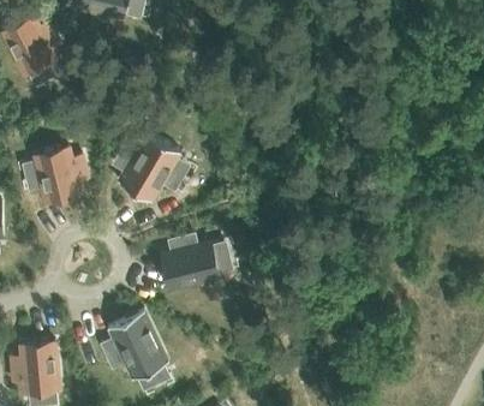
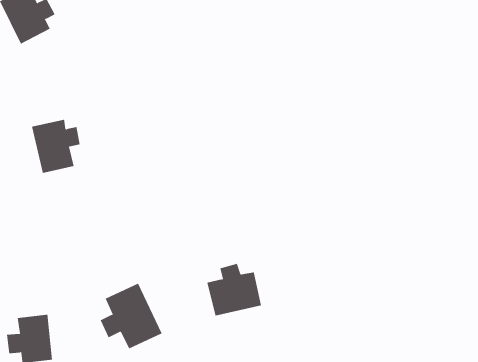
building: [116,133,180,202] -> none
building: [162,235,217,288] -> [206,263,262,316]

